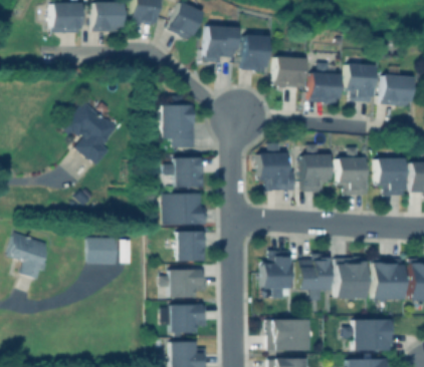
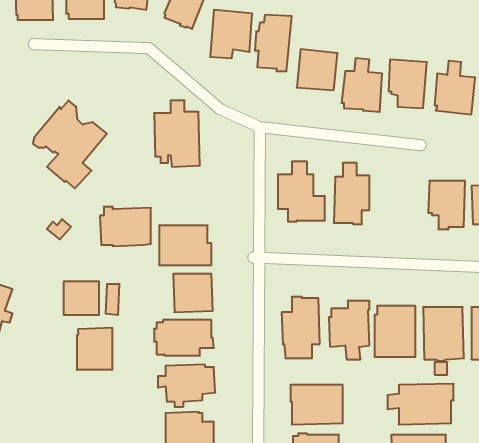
building: [338,148,370,196] -> none
building: [165,157,205,189] -> [100,207,151,246]
building: none -> [77,328,112,370]

